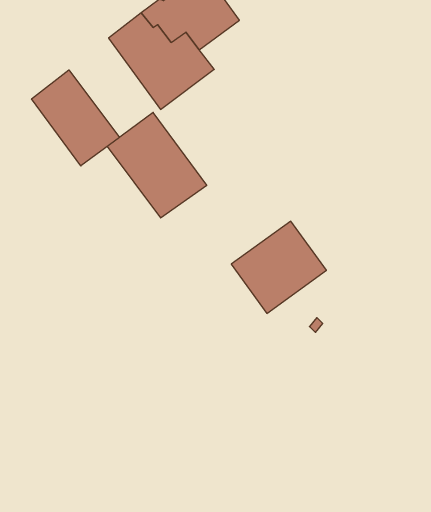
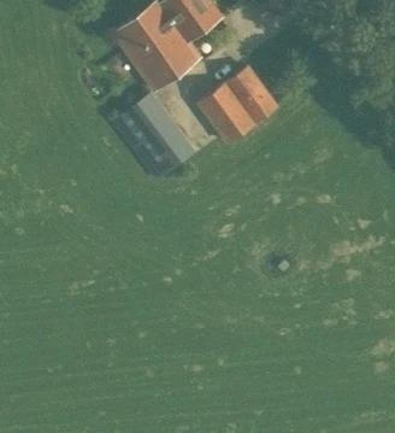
building: [32,70,119,166] -> none
building: [231,221,326,313] -> [200,66,277,141]

